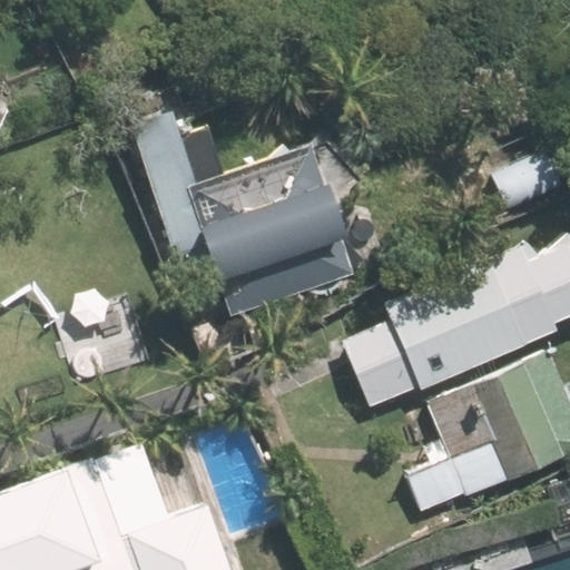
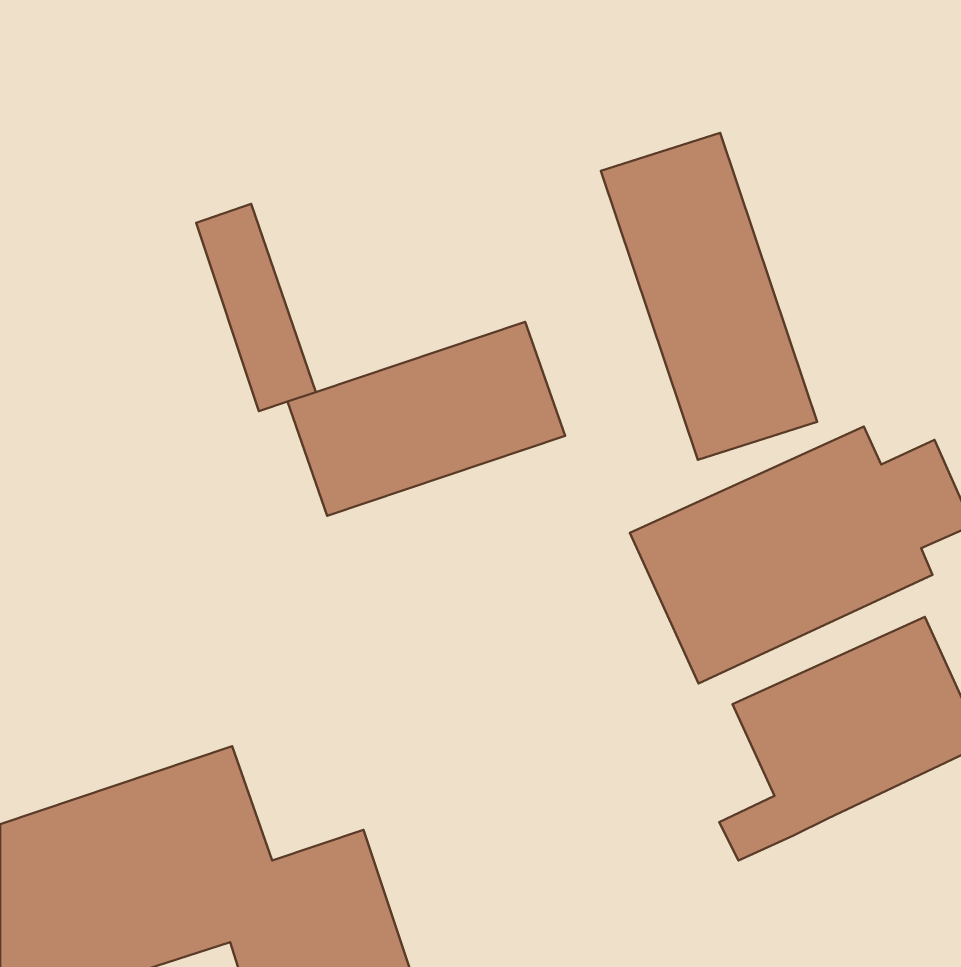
building: none -> [601,133,817,460]

